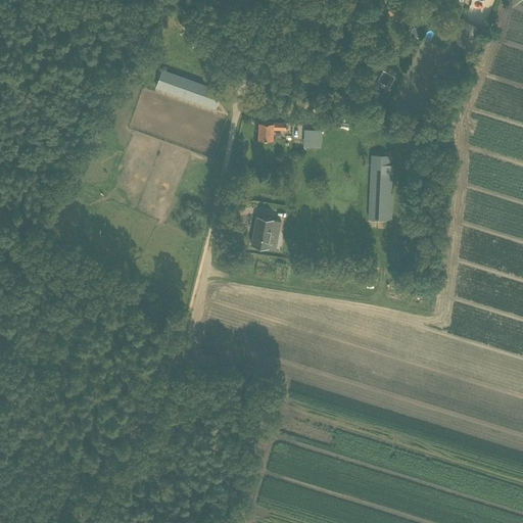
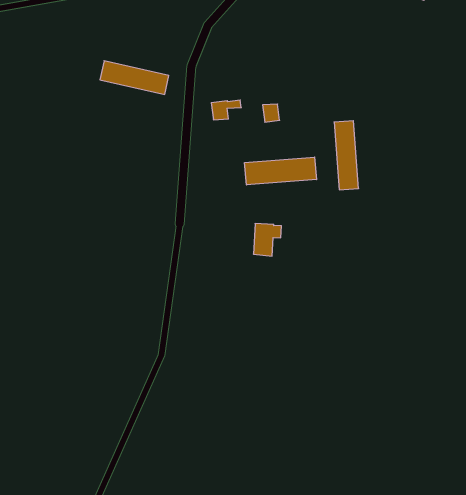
building: none -> [245,157,317,185]
building: [251,217,281,249] -> [253,224,281,256]

